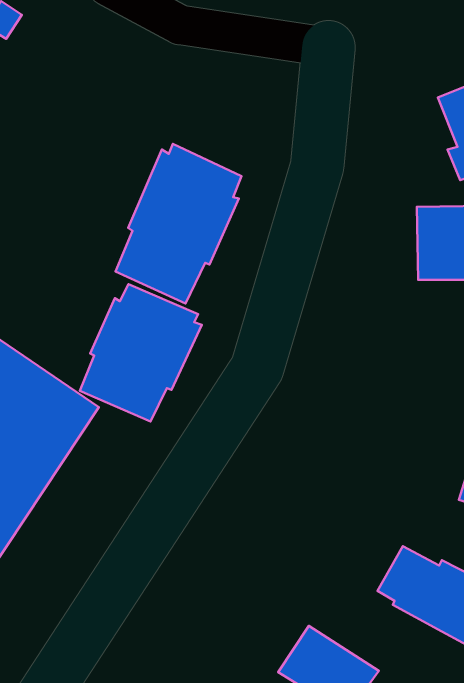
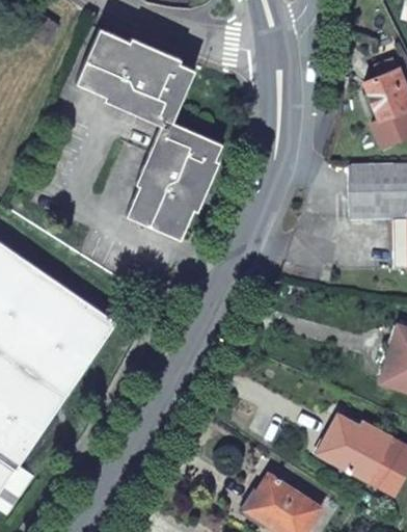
building: none -> [77,29,192,129]
building: [80,284,202,422] -> none

